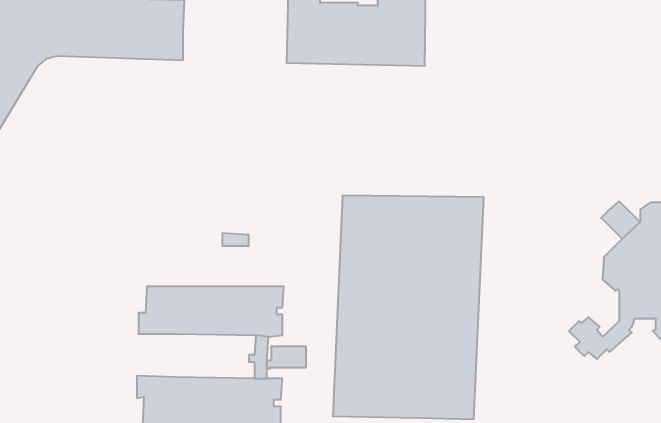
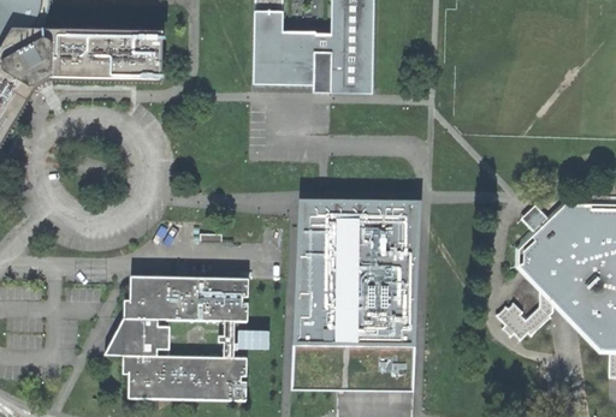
building: none -> [105,318,170,356]

